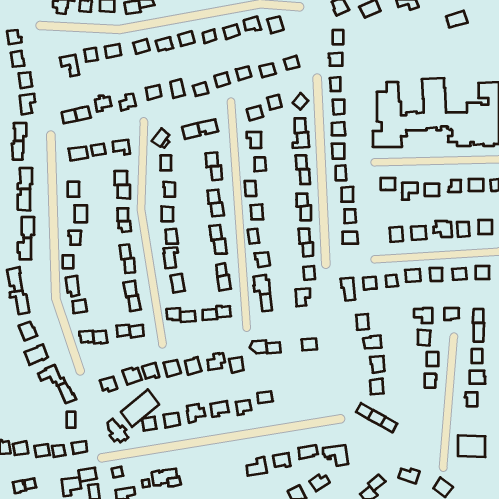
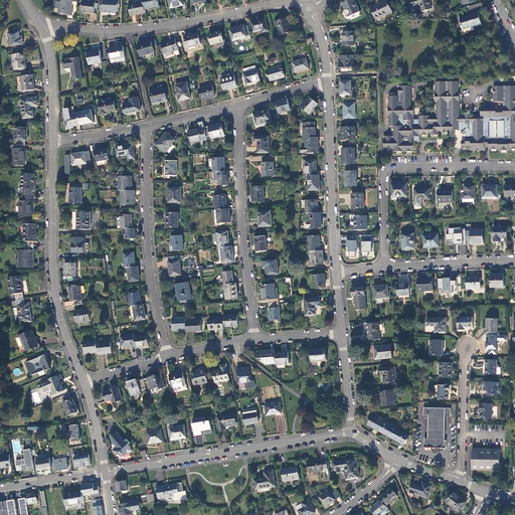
building: [121,389,159,427] -> none
building: none -> [422,407,450,449]

